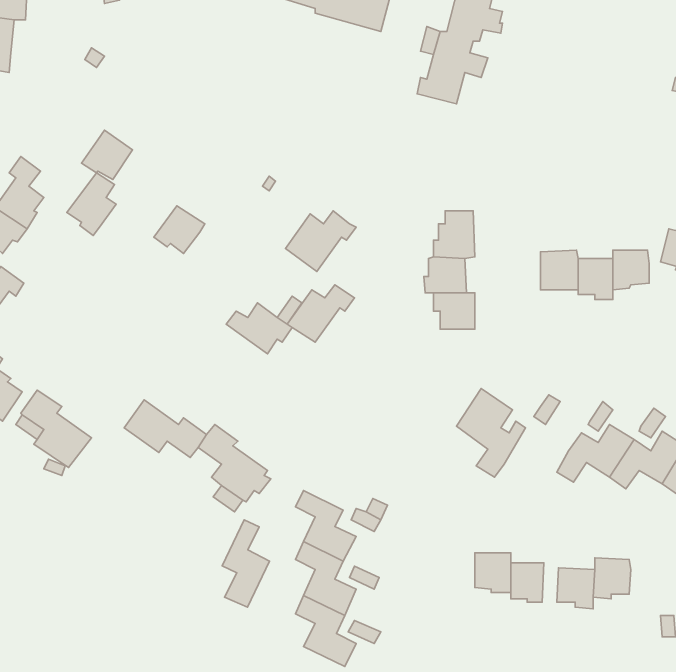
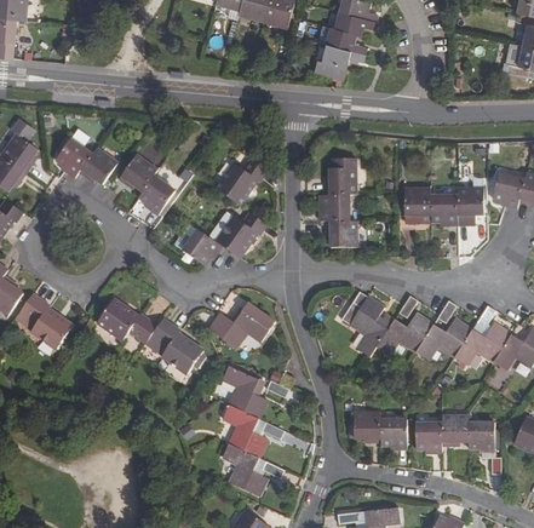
building: [82,130,133,179] -> [79,148,116,184]
building: none -> [138,176,173,213]
building: none -> [208,303,272,348]
building: none -> [377,311,433,354]
building: [222,520,270,607] -> none
building: none -> [469,424,494,453]

